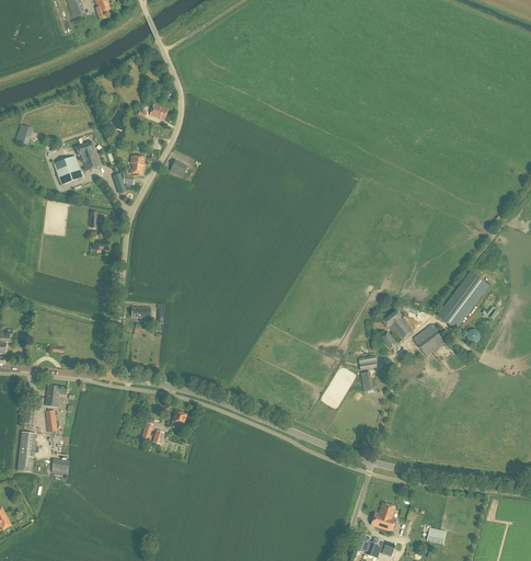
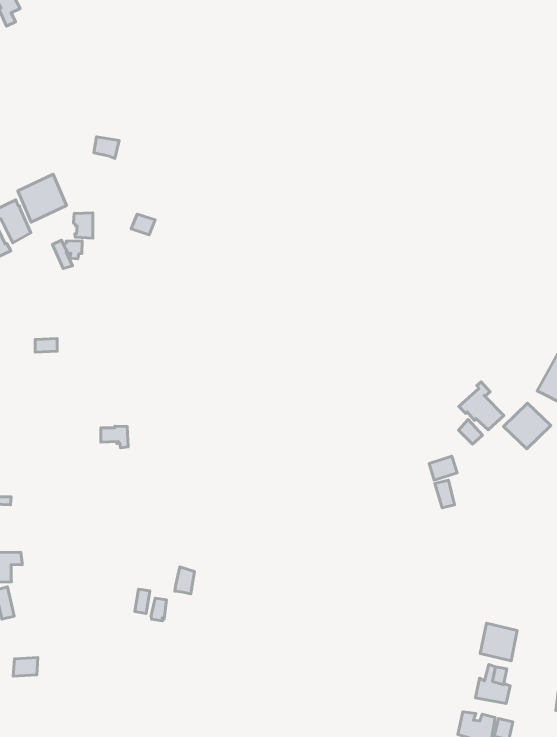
building: none -> [18,174,67,222]
building: none -> [480,623,517,661]

